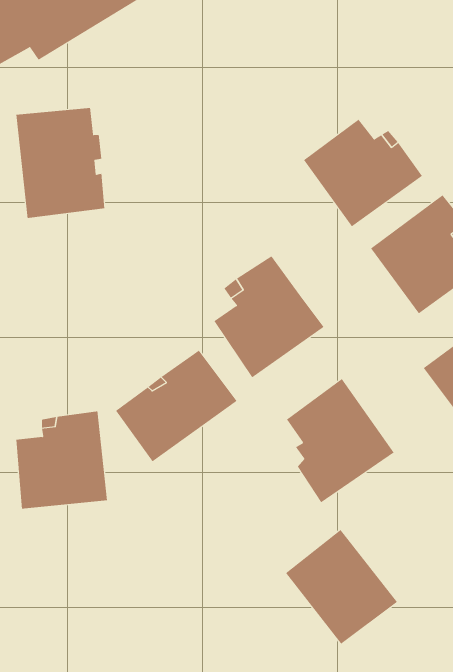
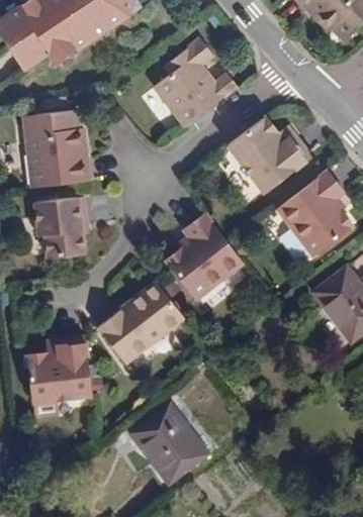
building: none -> [148,43,229,131]
building: none -> [34,195,85,257]
building: [286,378,394,503] -> none
building: [285,529,398,644] -> [128,404,208,486]

